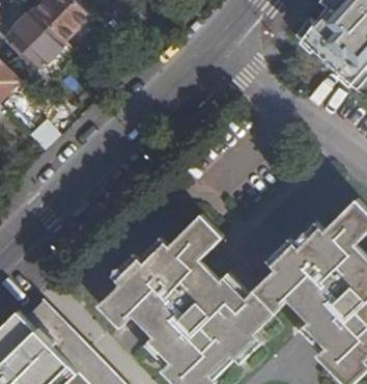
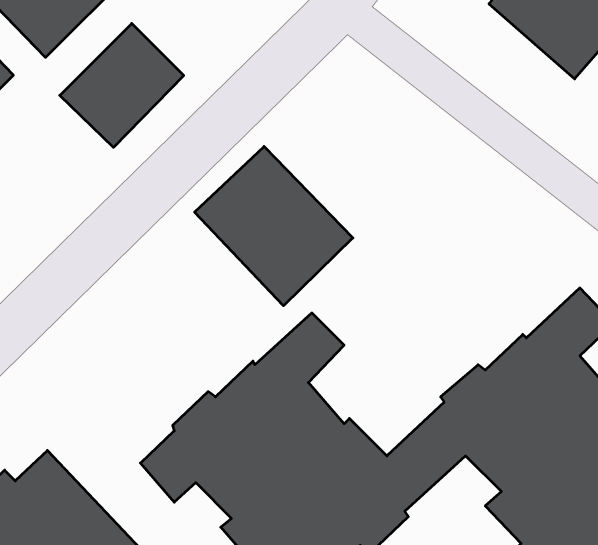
building: none -> [60,23,184,147]
building: none -> [195,146,353,306]

